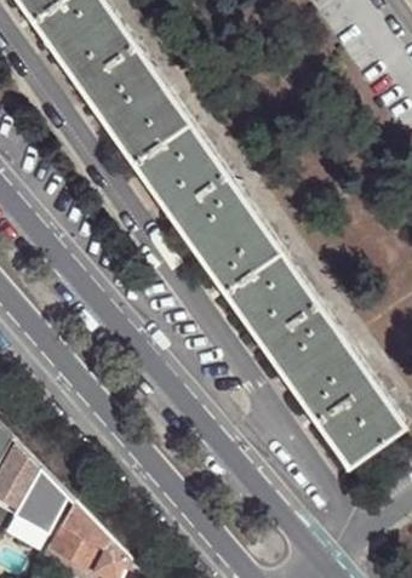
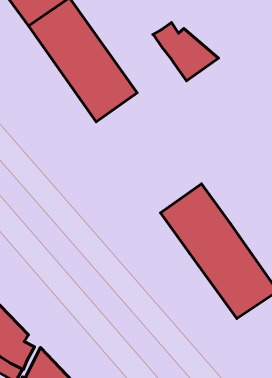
building: none -> [153,23,218,81]
building: [147,141,296,310] -> none

